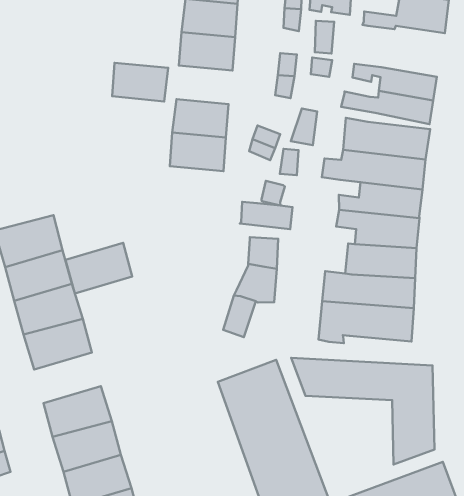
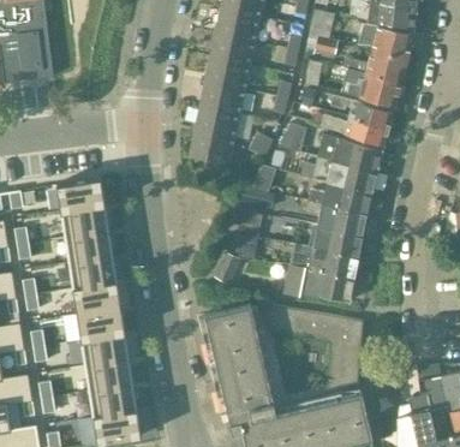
building: none -> [340,68,401,106]
building: [112,63,168,102] -> [201,81,244,113]
building: [66,243,132,293] -> [73,281,120,314]

